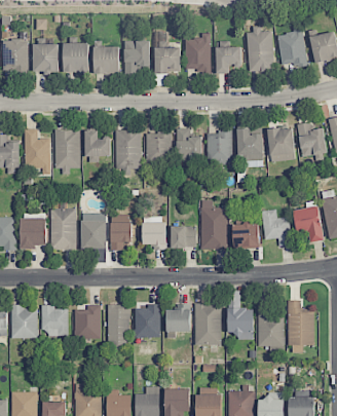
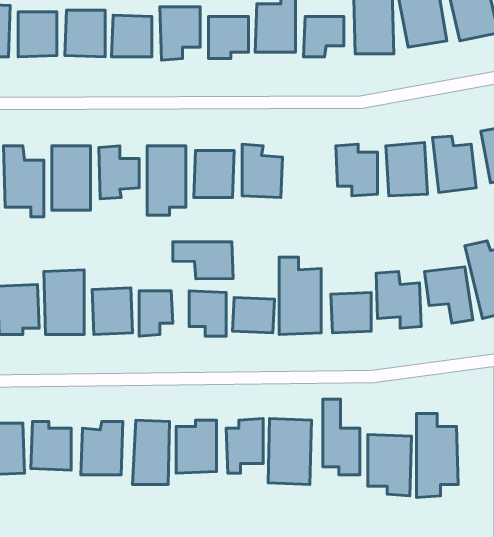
building: [205,131,231,164] -> none
building: none -> [173,242,233,279]

